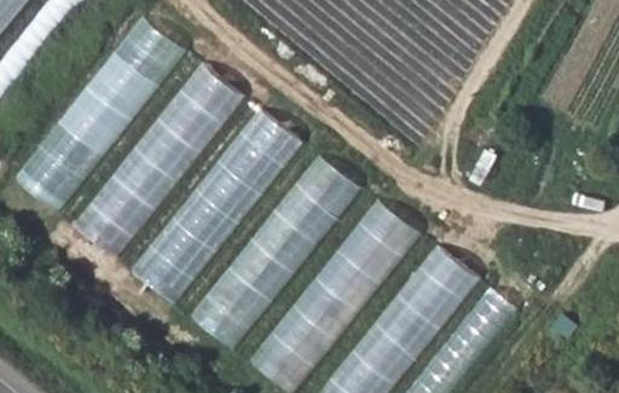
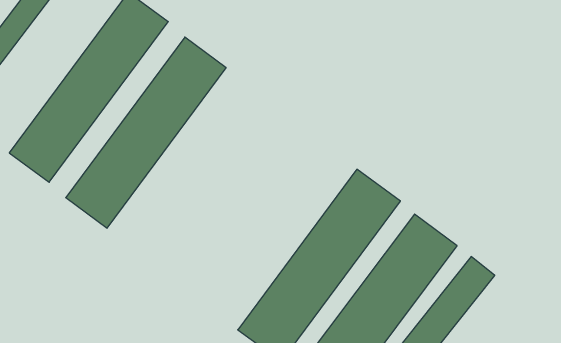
building: [134,106,300,305] -> none
building: [190,151,360,349] -> none

